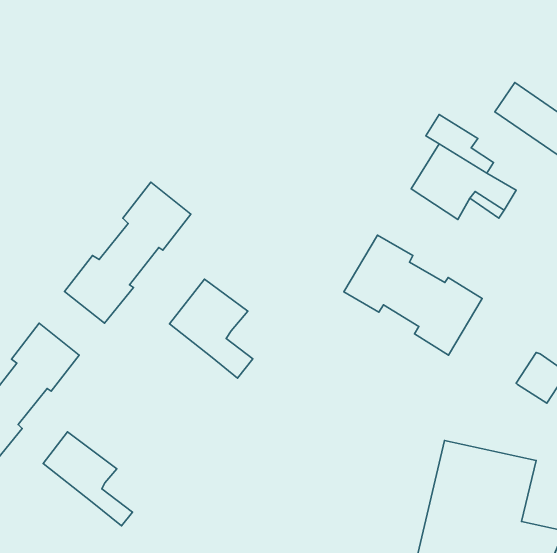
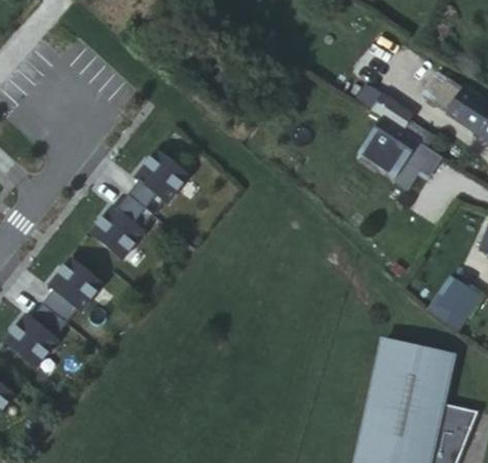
building: [344,235,482,355] -> none
building: [169,279,253,378] -> none
building: [43,432,132,526] -> none

